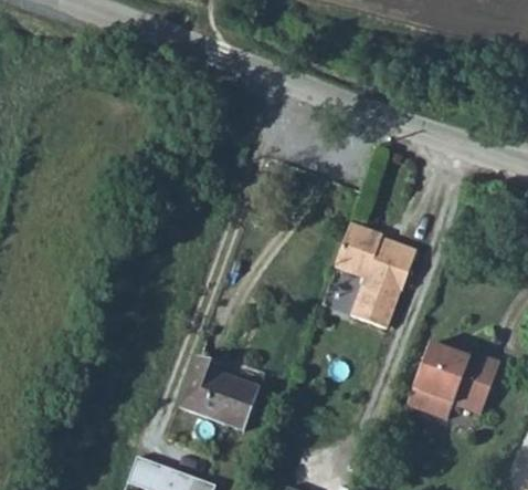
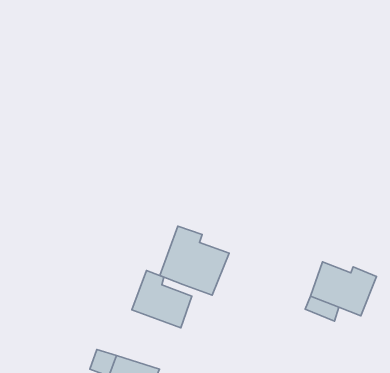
building: [335,222,415,330] -> none
building: none -> [160,226,229,295]

